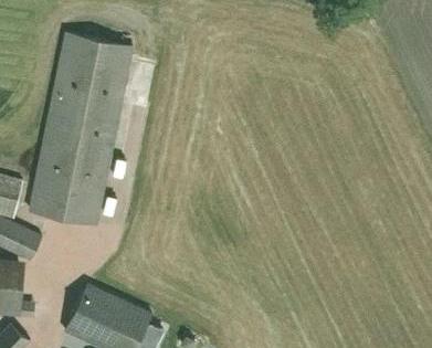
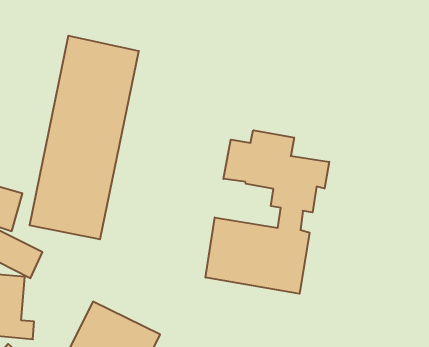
building: none -> [206,130,329,294]

